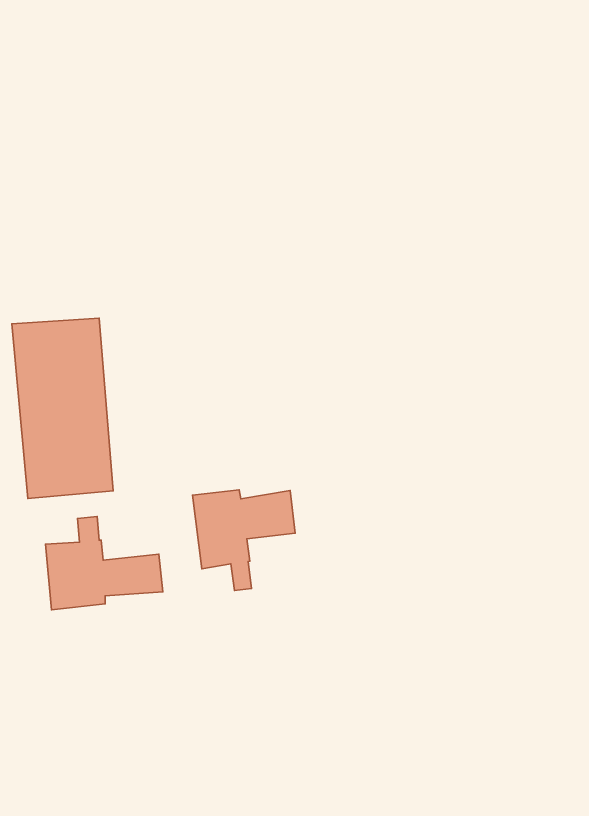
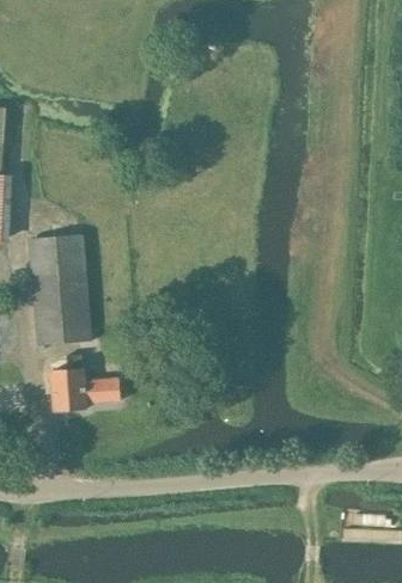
building: [193,490,295,591] -> none

